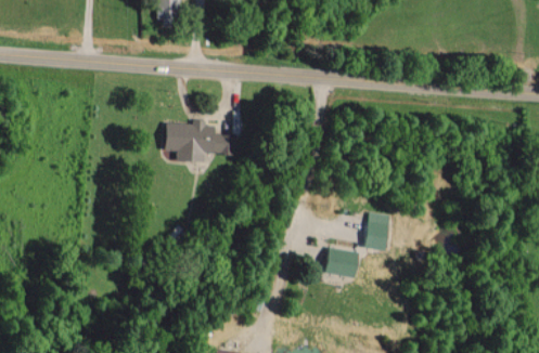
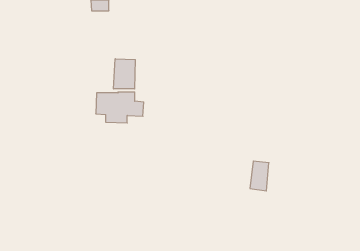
building: none -> [114,59,135,89]
building: [324,247,360,278] -> none

